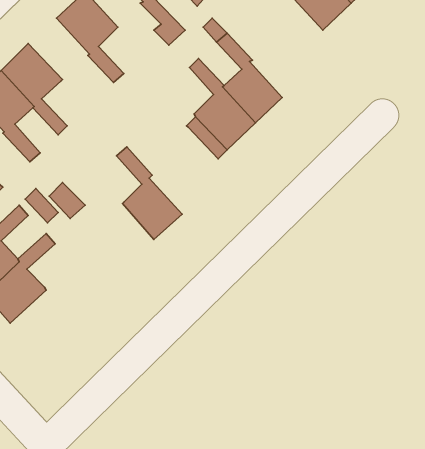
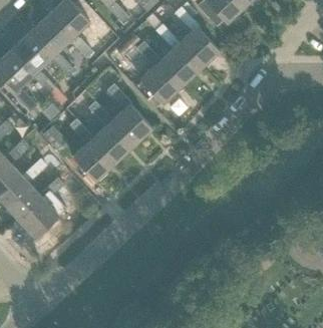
building: none -> [175,6,219,67]
building: none -> [29,14,74,75]
building: none -> [107,83,152,145]
building: none -> [69,118,113,180]
building: none -> [17,178,64,238]

